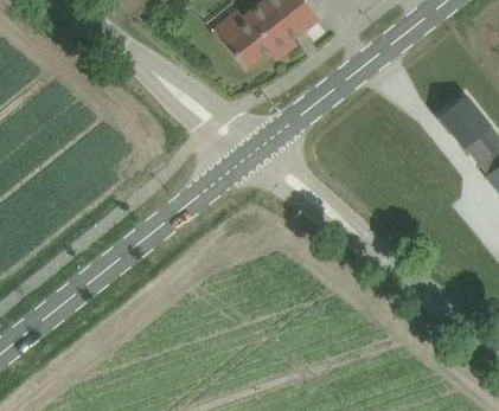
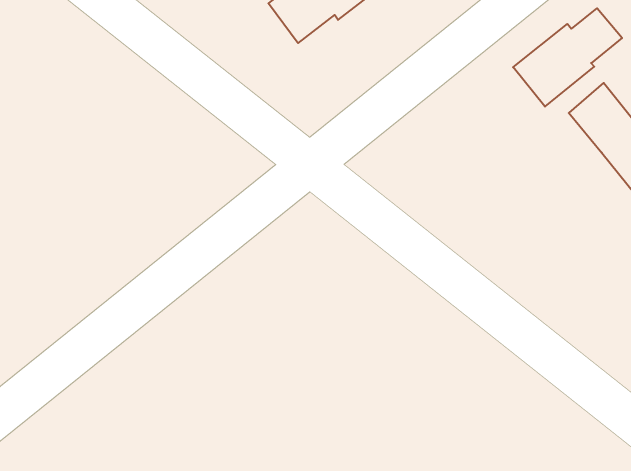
building: none -> [513,8,622,107]

